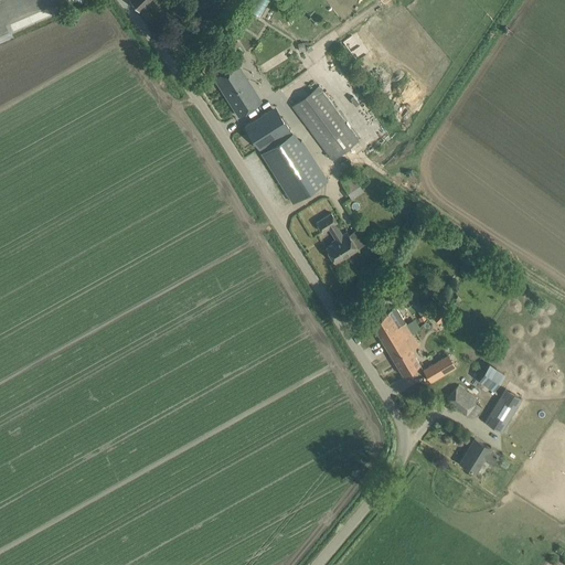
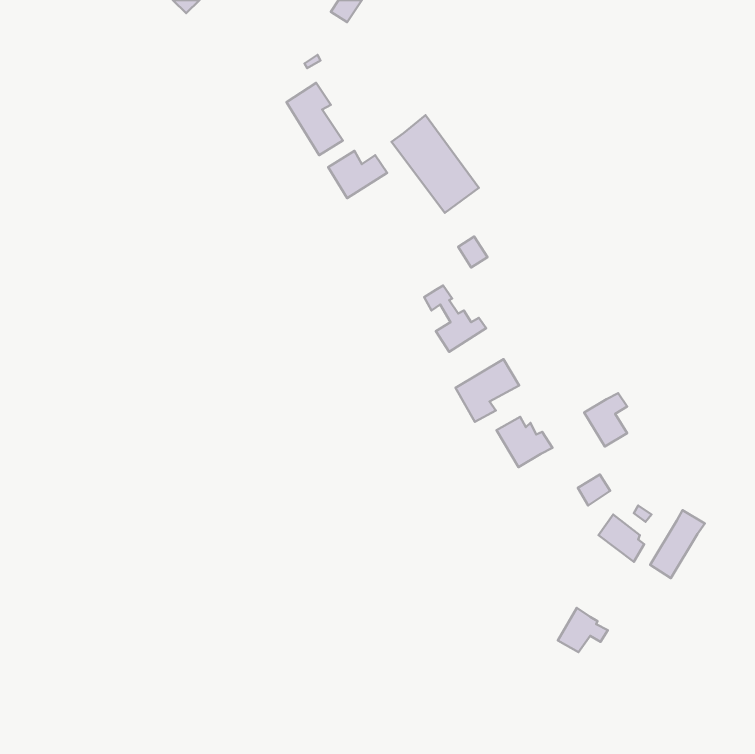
building: [262,131,327,203] -> none
building: none -> [456,359,519,422]
building: [387,335,419,375] -> [584,393,627,446]
building: [460,439,498,472] -> [558,608,608,652]

